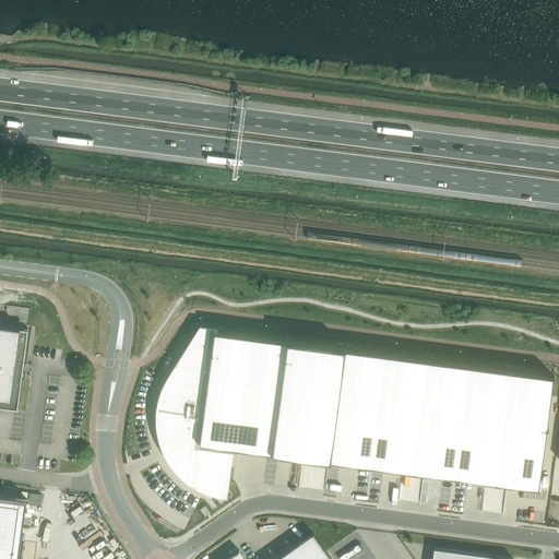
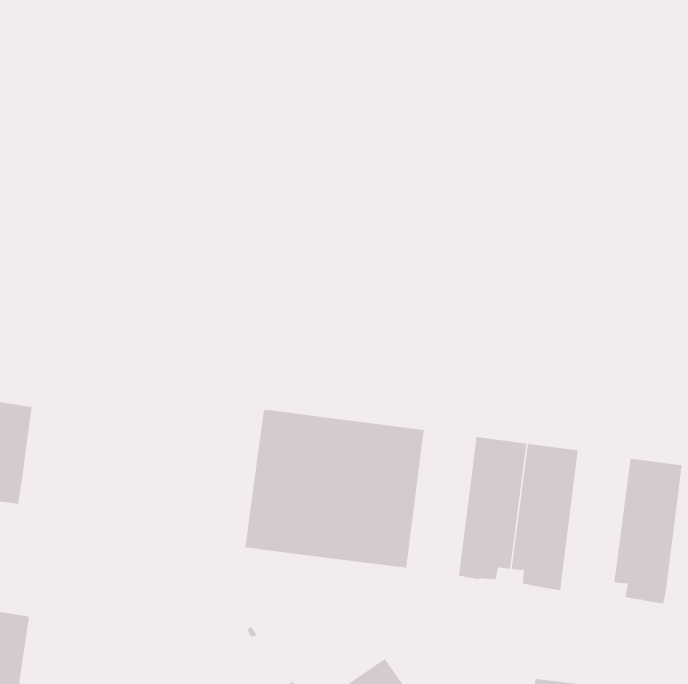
building: [155,331,230,501] -> none
building: [329,353,384,471] -> none
building: [453,369,509,486] -> none

